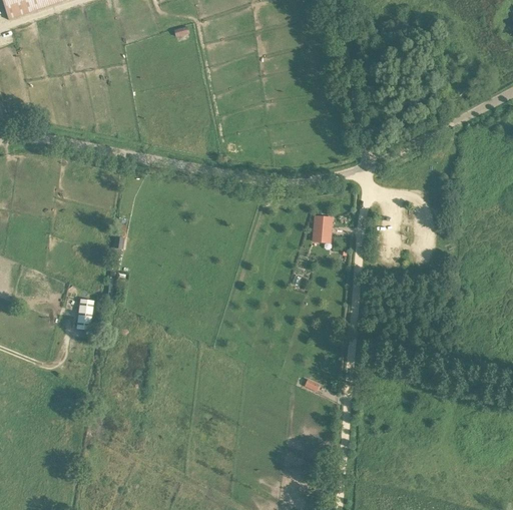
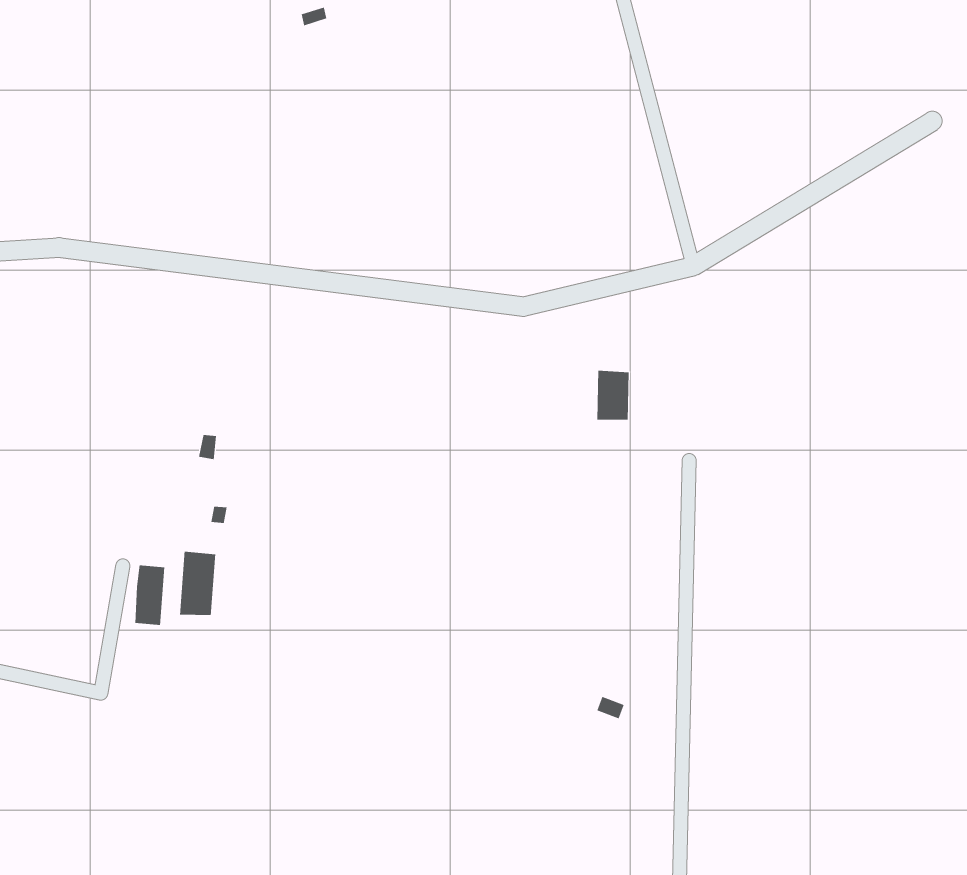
building: none -> [179,551,216,616]

